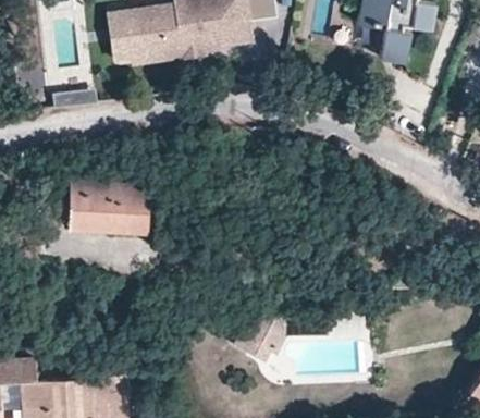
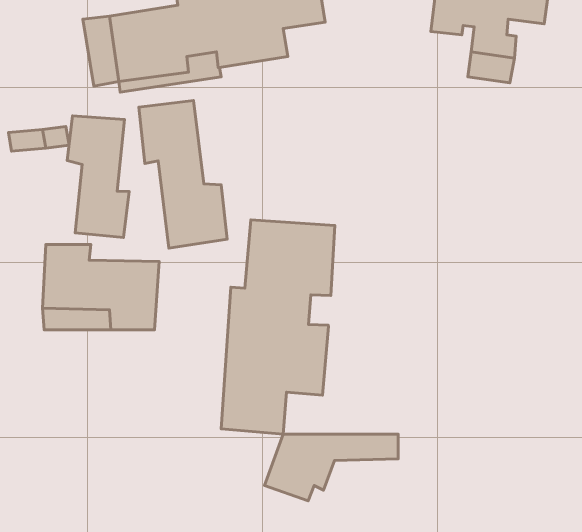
building: none -> [139,100,227,248]
building: none -> [67,116,129,237]
building: none -> [221,220,335,434]

